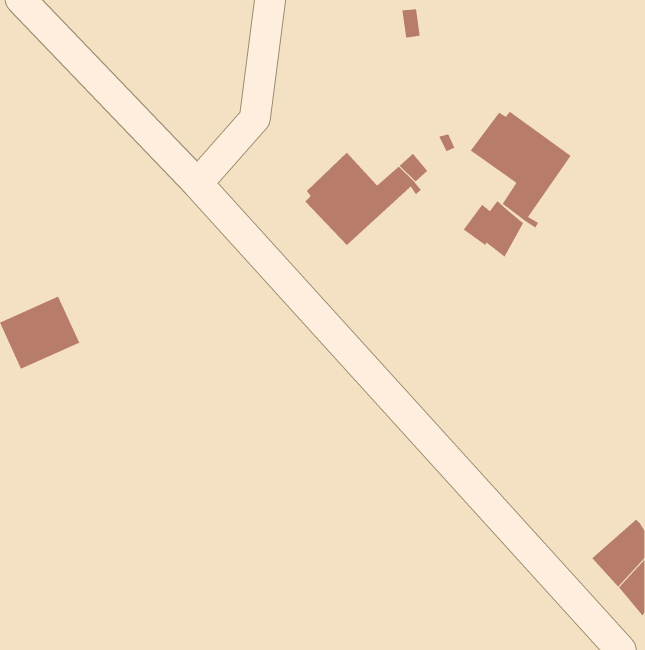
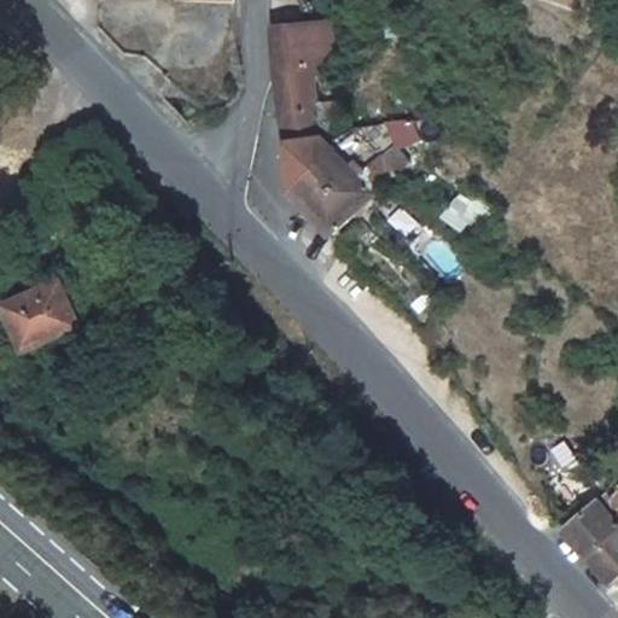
building: none -> [269,21,328,181]
building: [470,111,572,229] -> none

